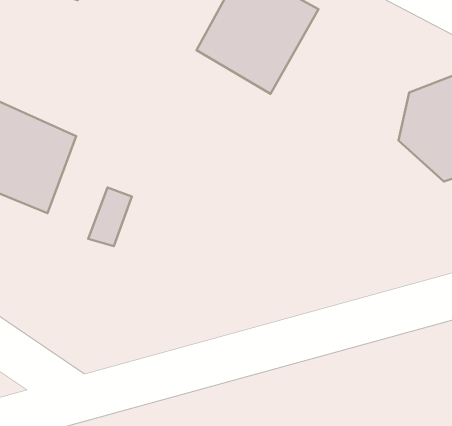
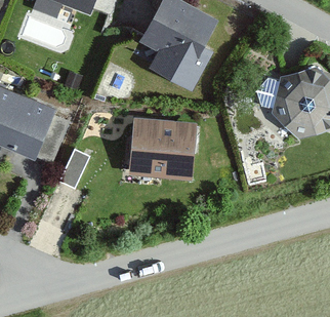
building: none -> [129,123,193,179]

